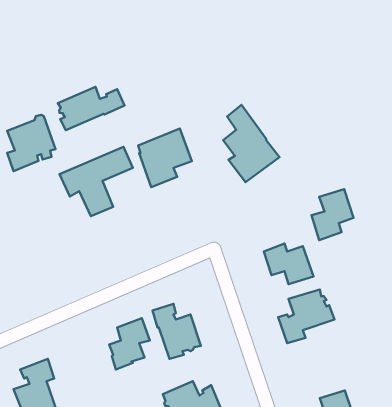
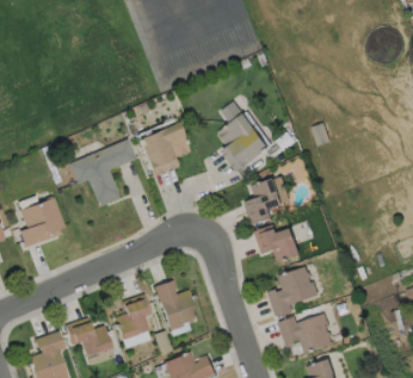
building: [58,87,125,130] -> none
building: [7,115,56,171] -> [20,194,64,246]
building: [311,189,353,240] -> [245,176,283,223]
building: none -> [278,314,333,353]
building: none -> [64,317,111,355]

